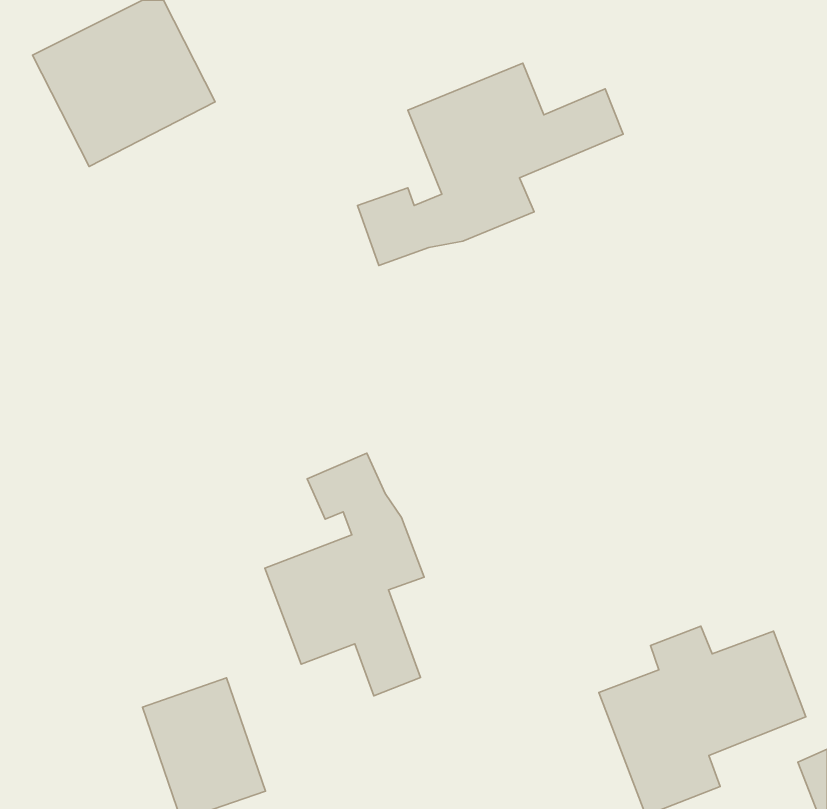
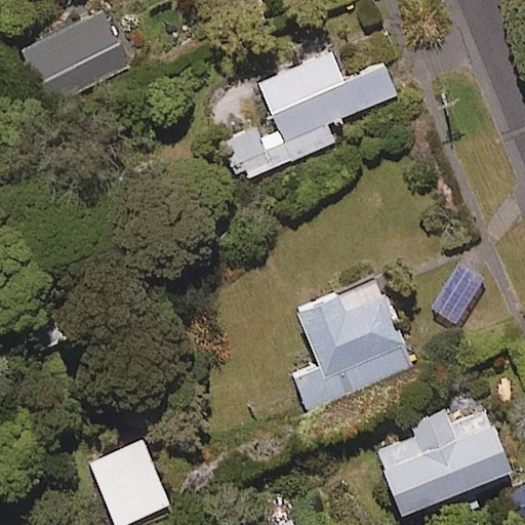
building: none -> [294,278,410,406]
building: [265,453,424,696] -> none

